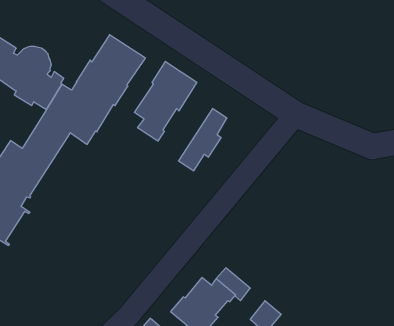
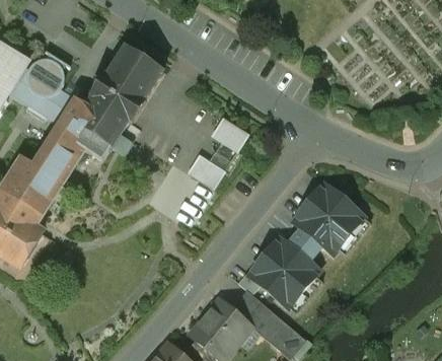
building: [134,61,197,141] -> none
building: none -> [248,183,365,307]
building: none -> [250,310,287,343]

